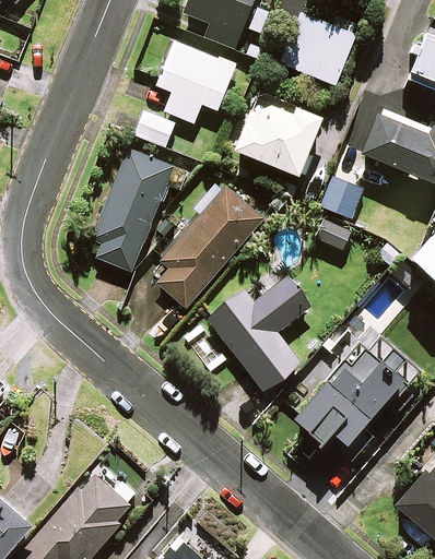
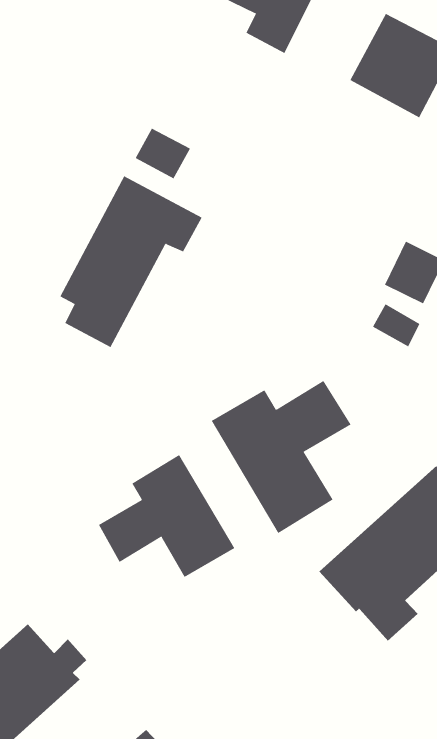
building: [157,41,236,123] -> none
building: [236,93,322,178] -> none
building: [157,188,262,308] -> none
building: none -> [98,454,235,578]

